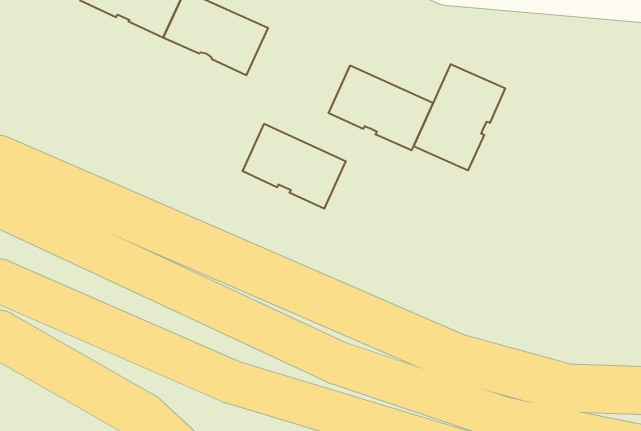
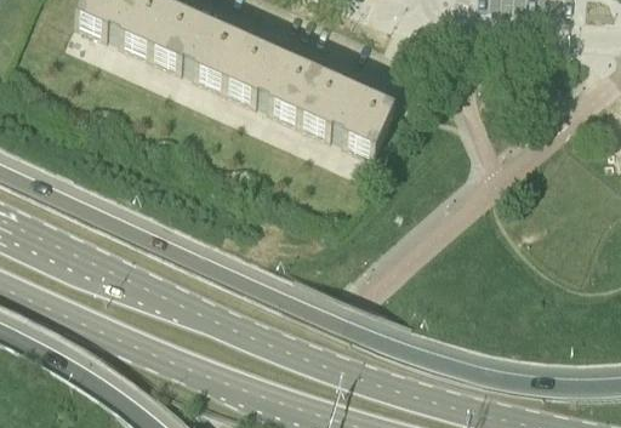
building: [414,64,505,170] -> none
building: [242,124,346,209] -> [227,42,320,119]

